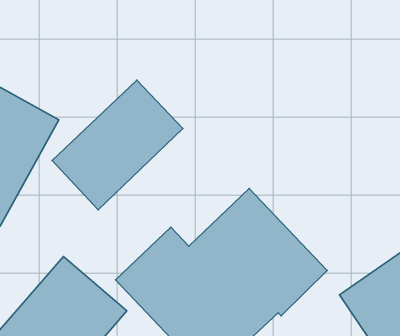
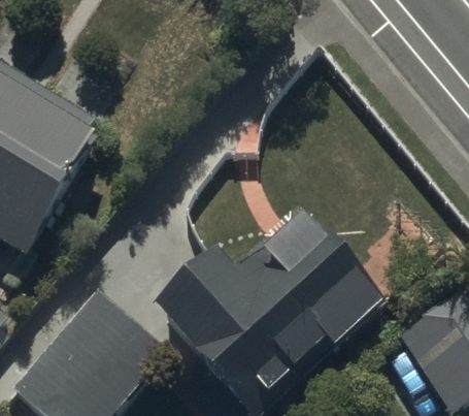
building: [52,80,183,210] -> none

